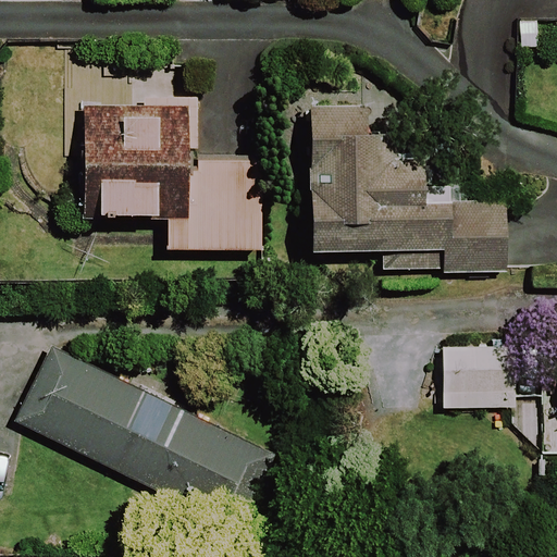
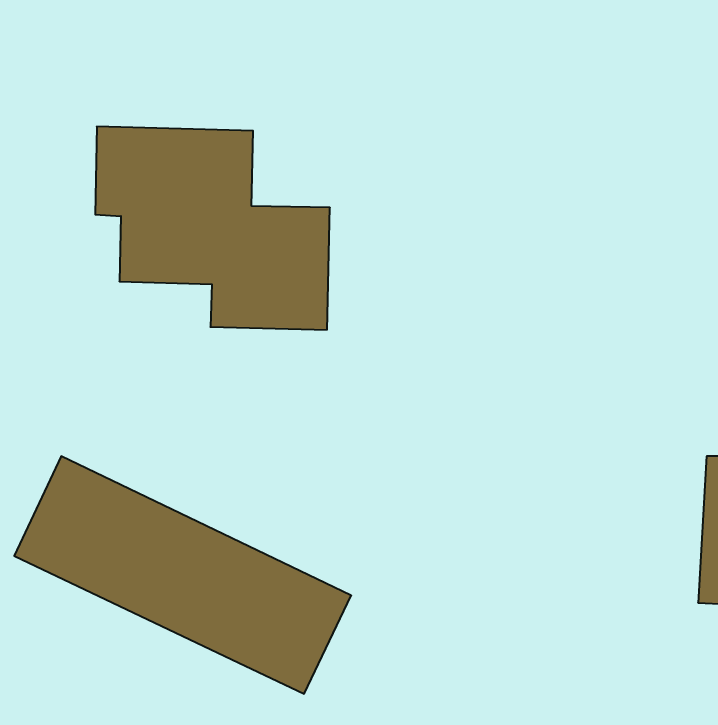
building: [310,104,515,245] -> none
building: [443,348,515,410] -> none

